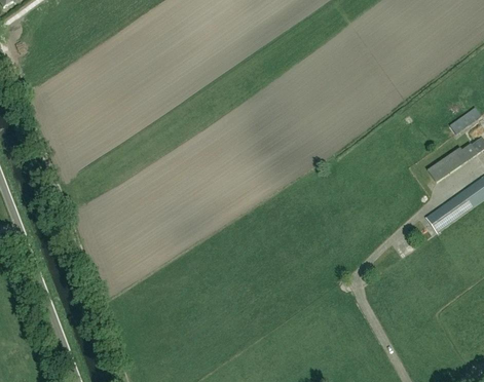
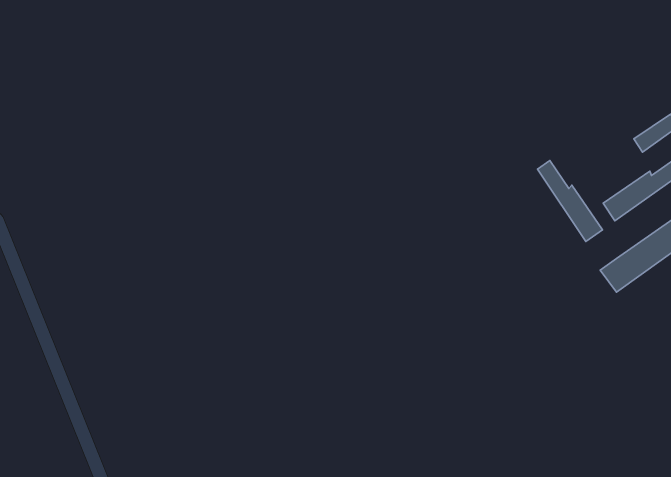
building: none -> [537,160,602,242]

